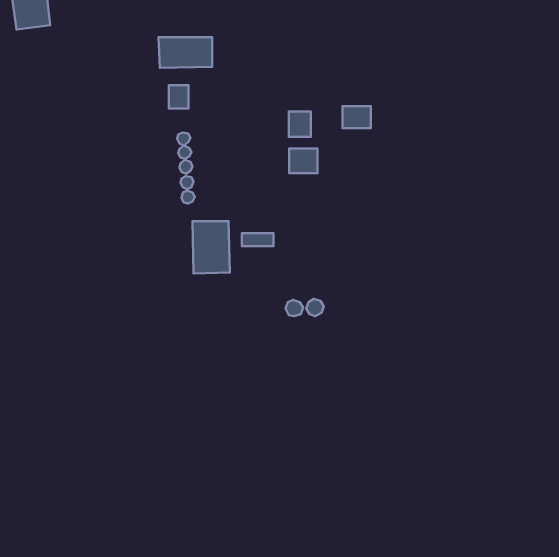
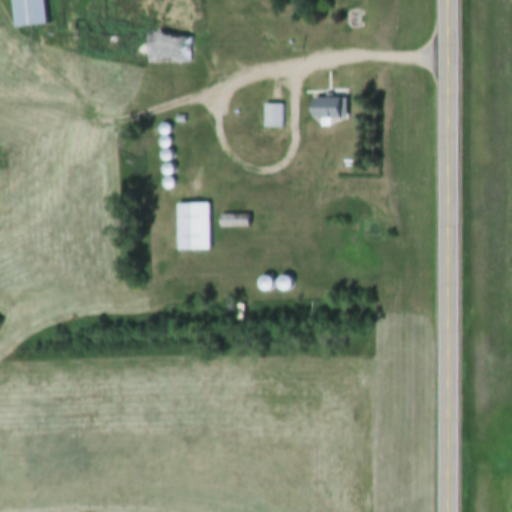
building: [169,85,189,108] -> none
building: [289,149,318,173] -> none

